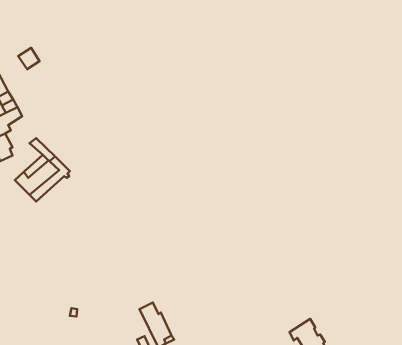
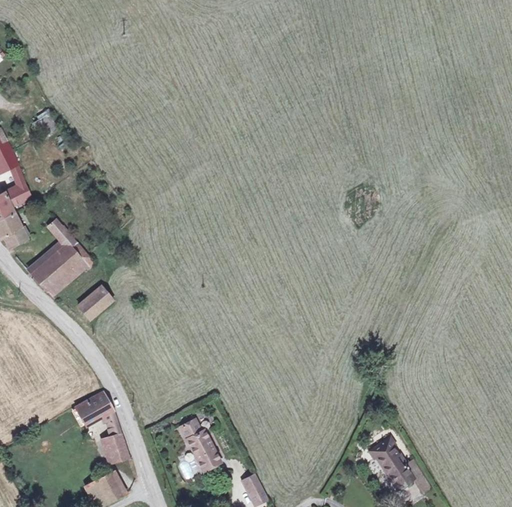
building: none -> [79,287,113,320]
building: none -> [71,390,129,462]

